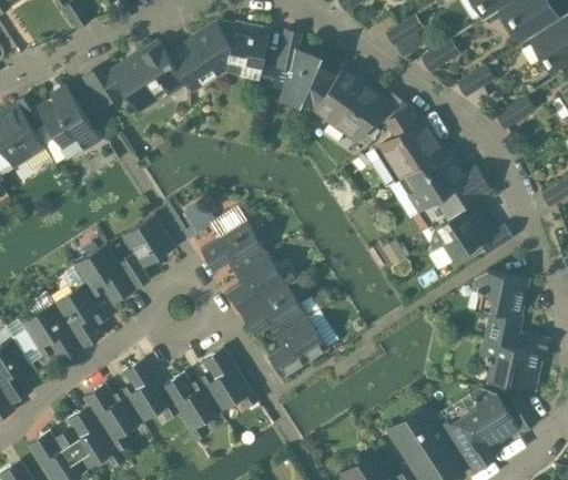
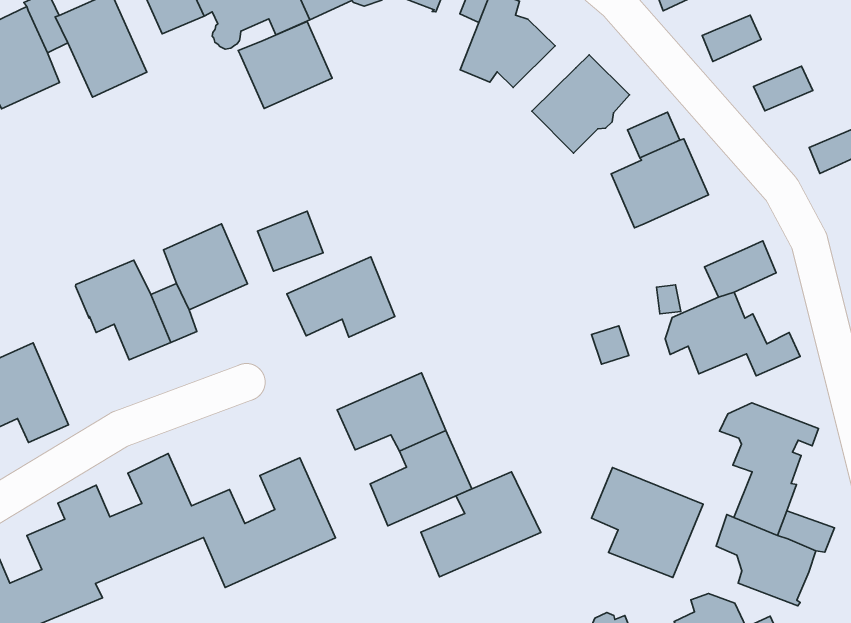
building: [313,78,349,119] -> none
building: none -> [238,21,332,109]
building: [405,151,467,207] -> none
building: [225,254,286,315] -> none
building: [52,283,104,349] -> none
building: none -> [592,468,703,577]
building: none -> [421,472,541,577]

